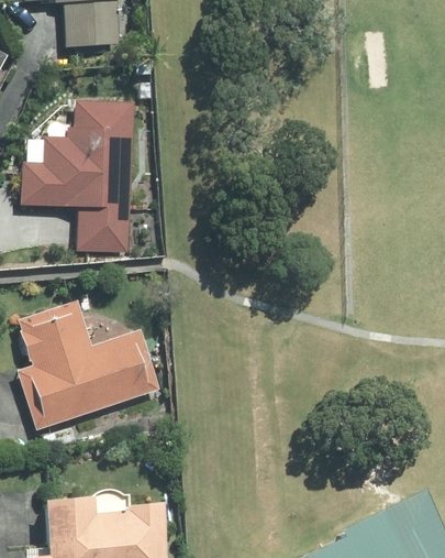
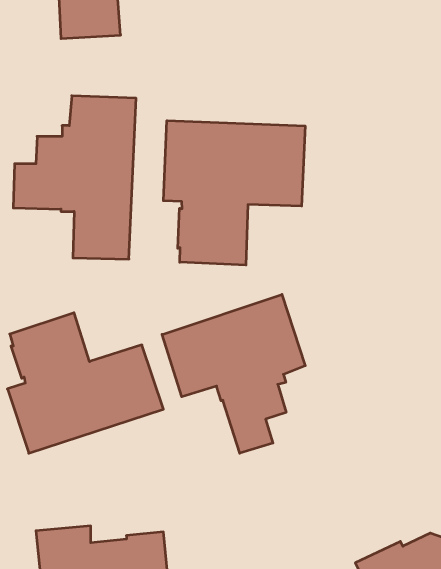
building: none -> [163,121,305,265]
building: none -> [162,294,305,453]

